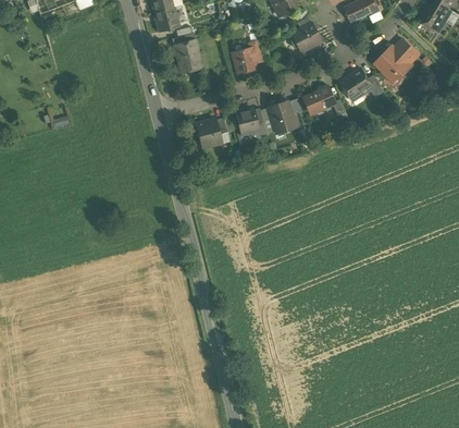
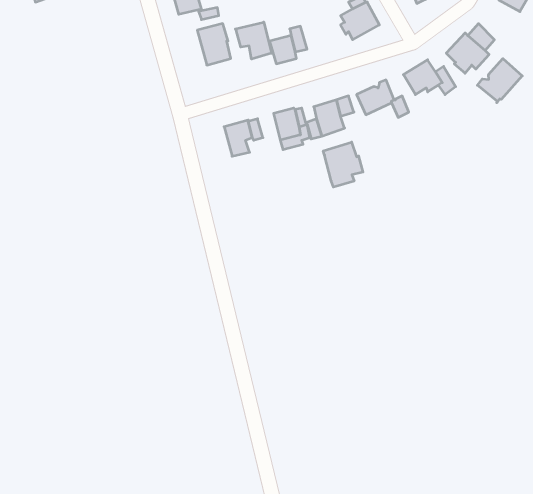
building: none -> [235,22,272,59]
building: none -> [477,59,522,103]
building: none -> [323,142,363,187]

